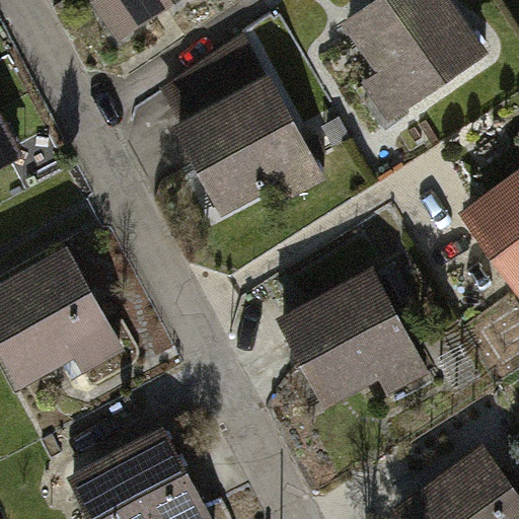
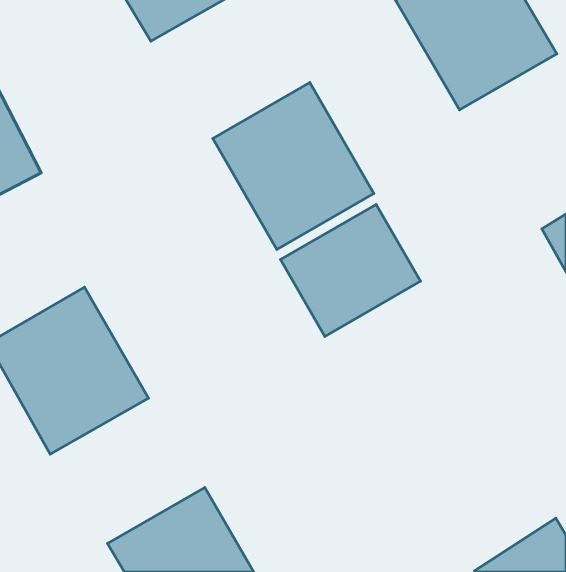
building: none -> [281,204,420,336]
building: [298,281,441,429] -> none

